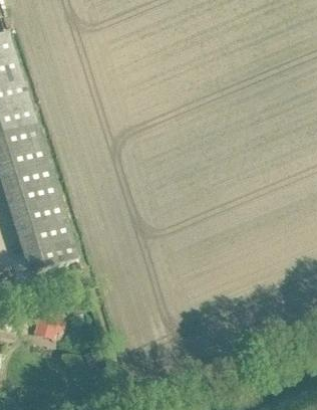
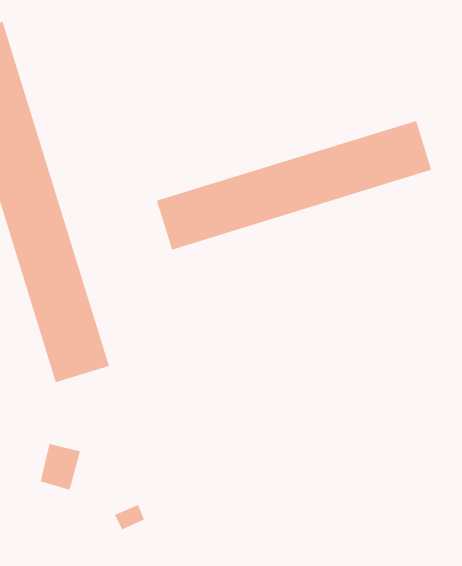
building: none -> [156,120,432,250]

